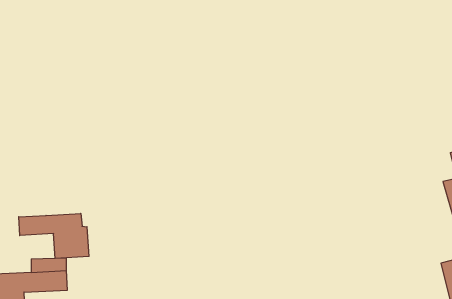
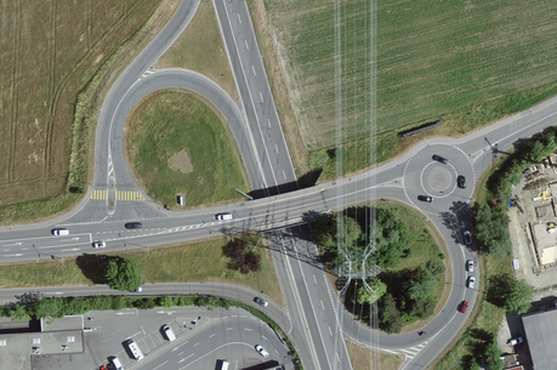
building: [19,213,89,258] -> none

